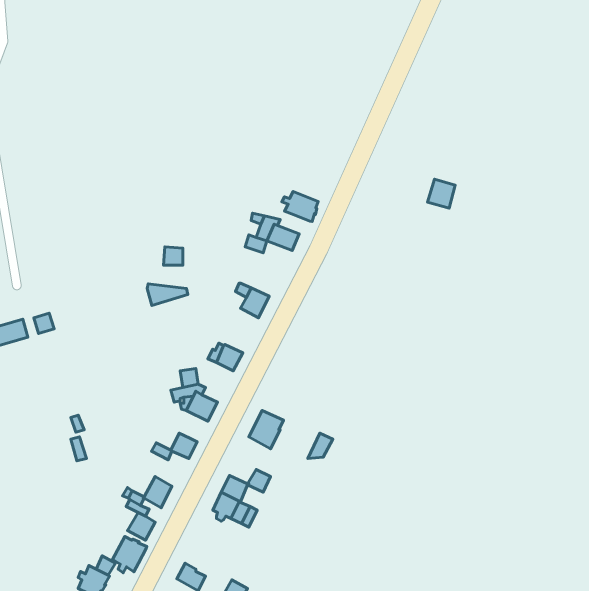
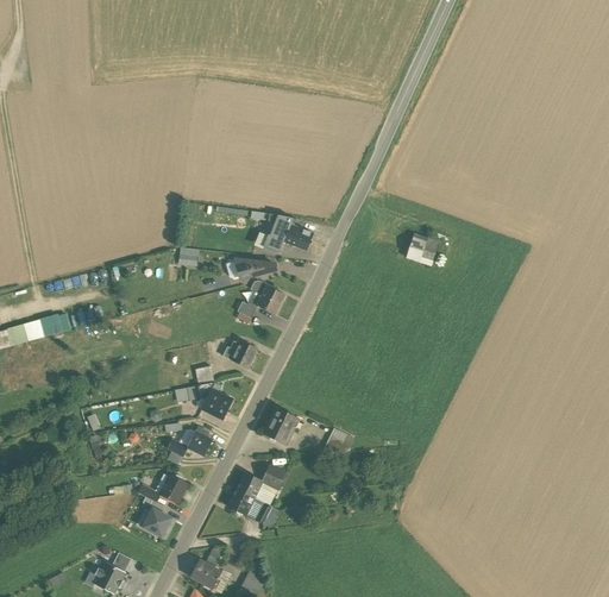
building: [427,179,455,208] -> [407,234,434,263]
building: [282,192,318,221] -> none
building: [147,284,188,305] -> [233,258,274,279]
building: [113,536,147,573] -> none

